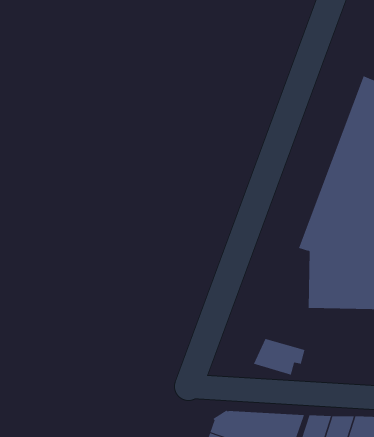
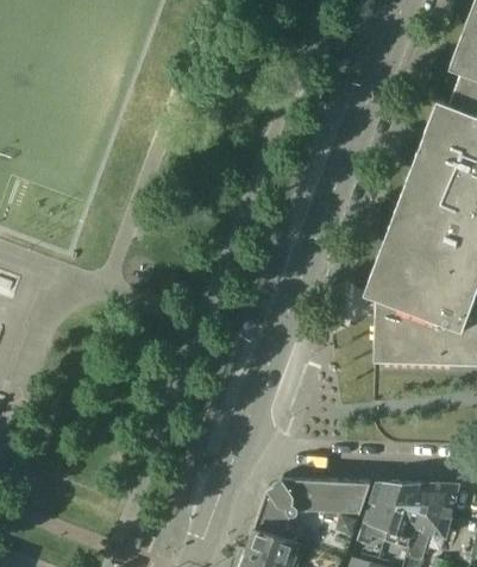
building: [253,338,305,375] -> none

